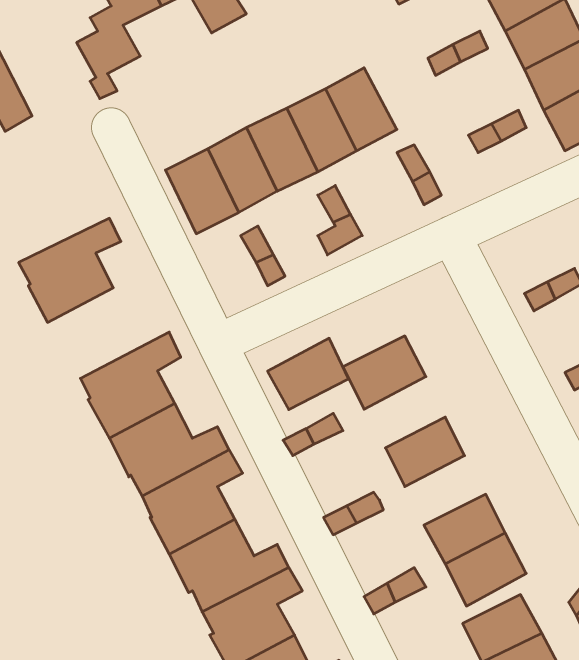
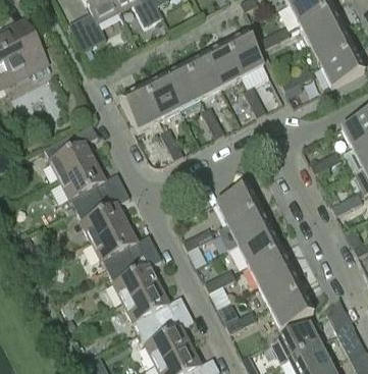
building: none -> [225,34,264,77]
building: none -> [58,161,122,209]
building: [268,338,349,410] -> [225,208,268,246]
building: none -> [247,250,290,286]

